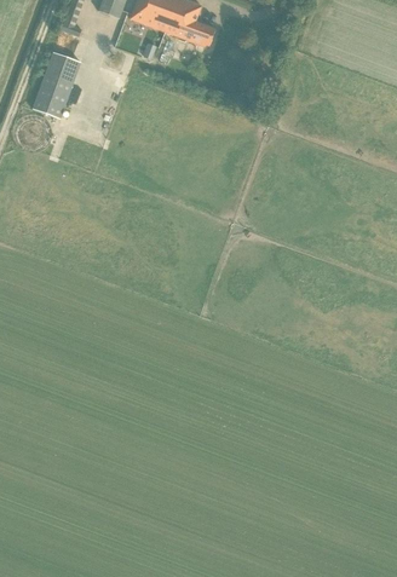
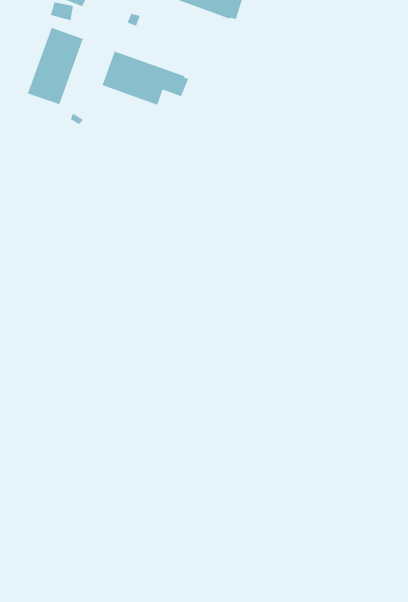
building: none -> [101,50,189,106]

